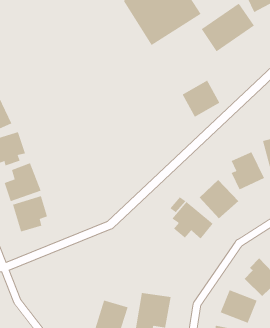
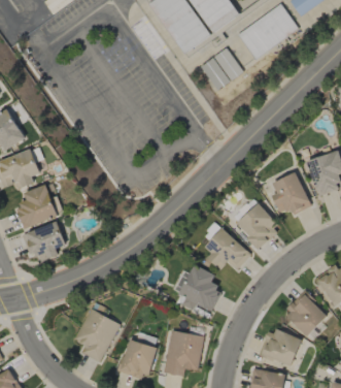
building: [182,80,220,117] -> [199,48,242,91]
building: none -> [173,264,220,311]
building: none -> [74,309,120,362]

